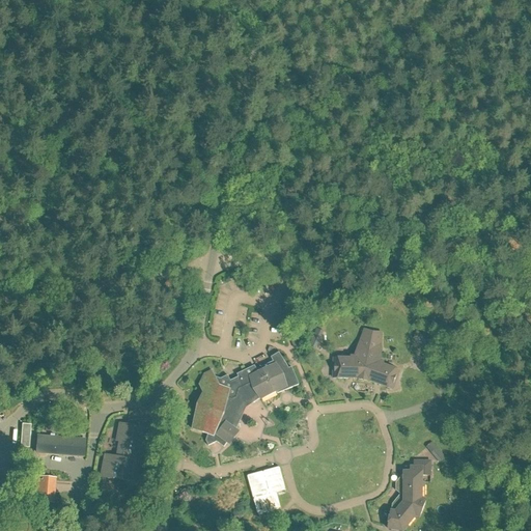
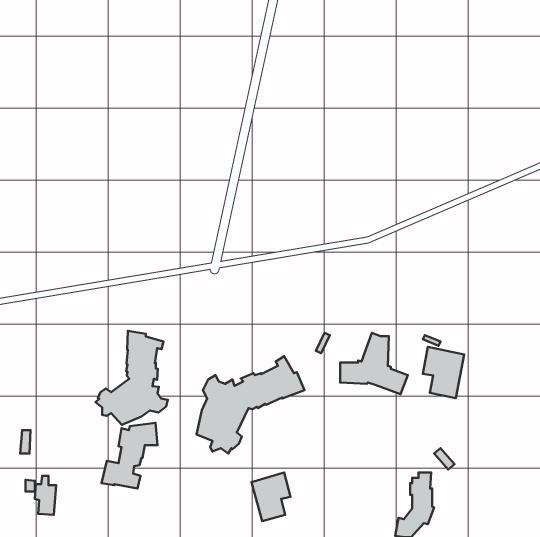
building: none -> [95,331,168,425]
building: none -> [423,347,464,398]
building: [34,431,85,455] -> none

